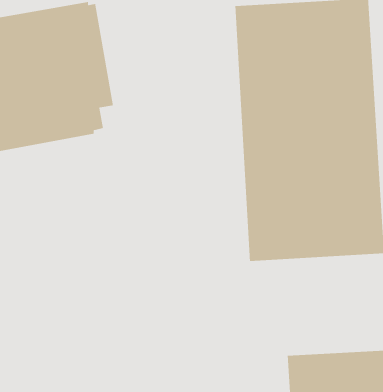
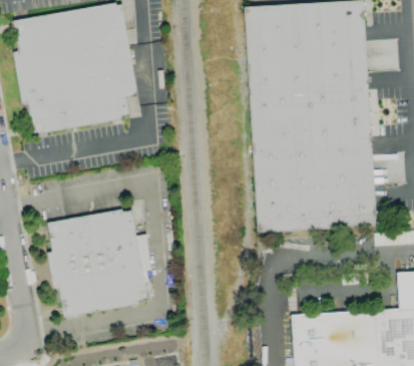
building: none -> [46,210,150,317]

